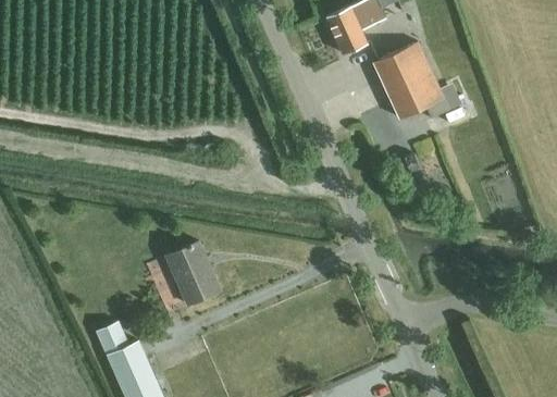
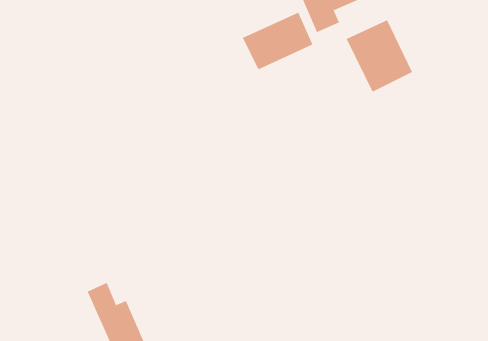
building: none -> [242,12,313,70]
building: [165,240,222,305] -> none

